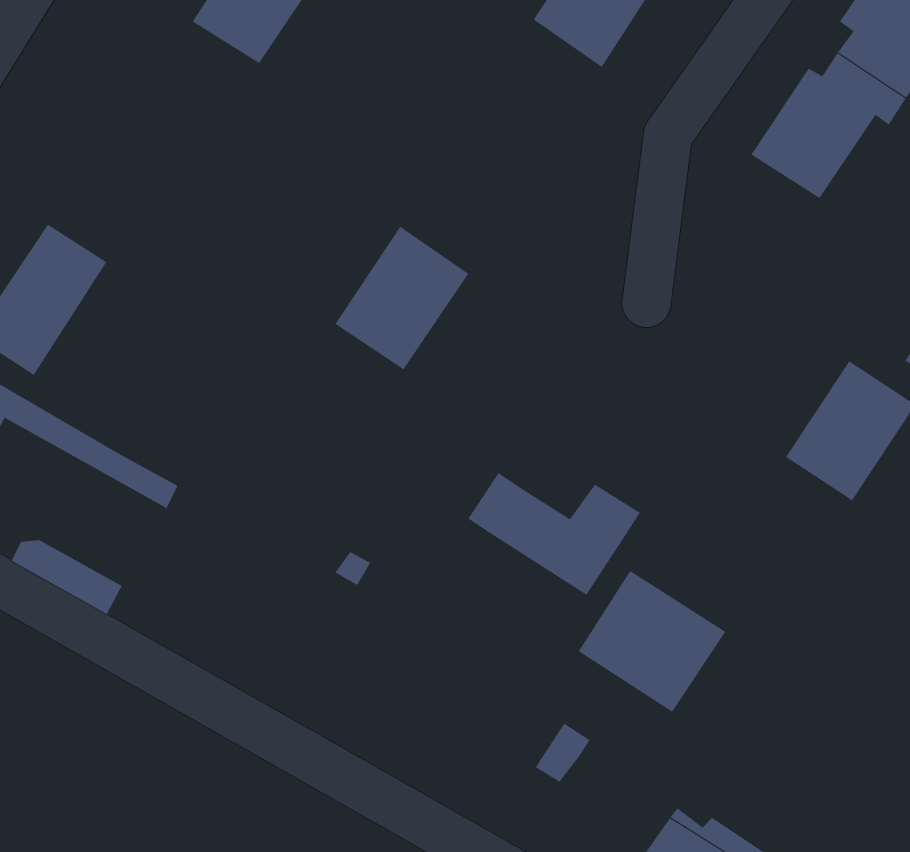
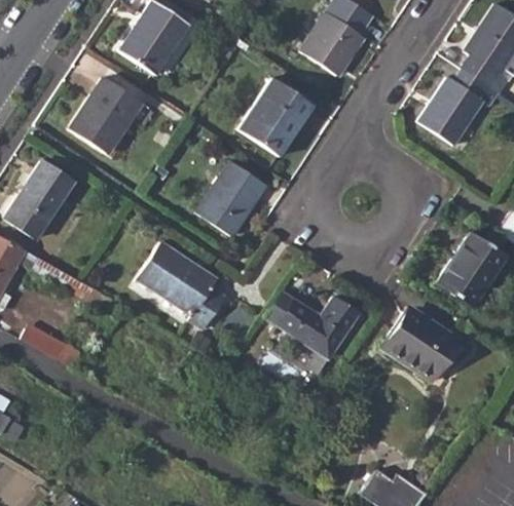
building: none -> [69,77,141,153]
building: none -> [238,78,313,156]
building: none -> [137,241,226,329]
building: [578,570,726,713] -> [381,305,461,381]

